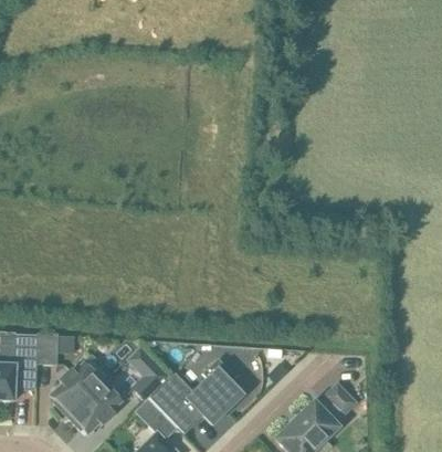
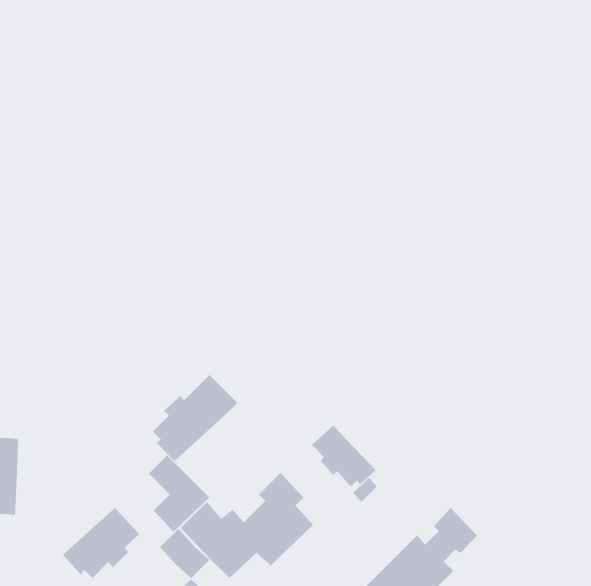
building: none -> [311,425,376,487]
building: [36,333,59,364] -> none
building: [52,355,112,416] -> [152,374,238,462]

